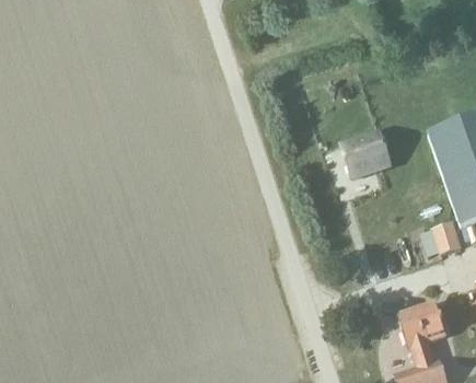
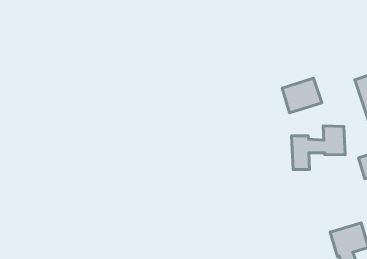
building: none -> [291,126,345,170]

